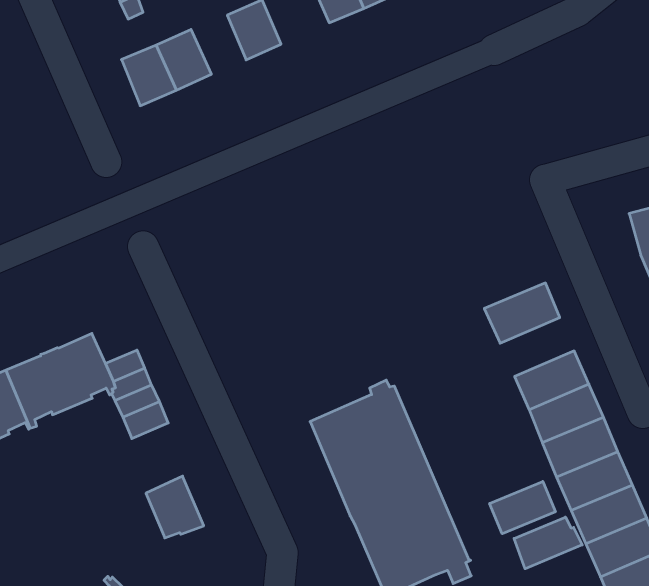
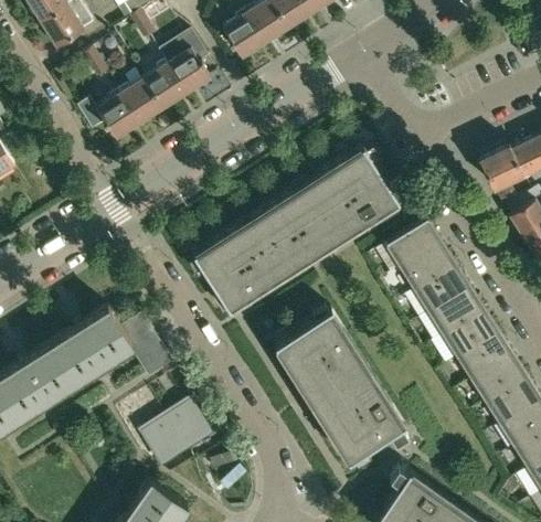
building: none -> [142,65,185,109]
building: none -> [192,147,405,311]
building: none -> [401,243,455,290]
building: [490,481,555,534] -> none
building: none -> [139,417,183,465]
building: [514,517,582,569] -> none

